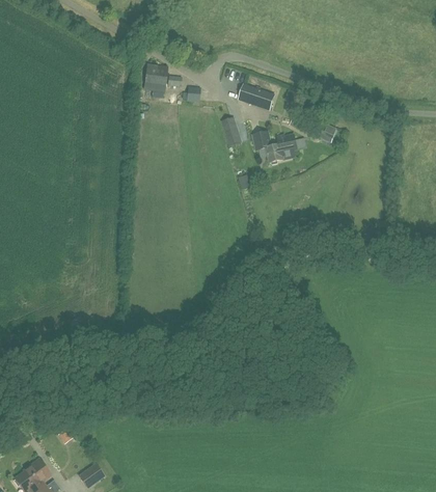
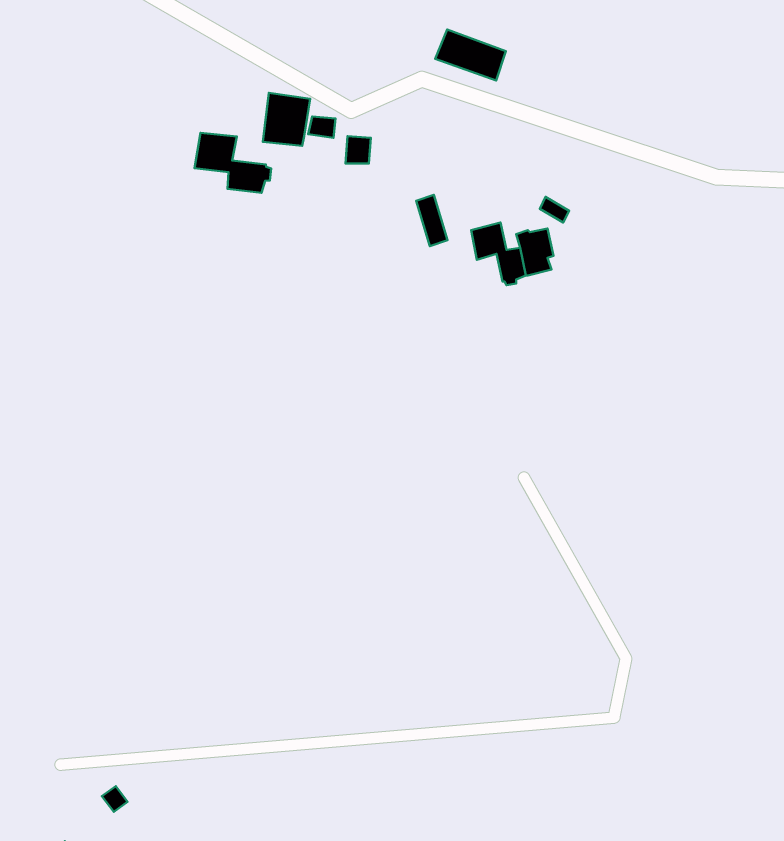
building: [238,83,275,110] -> [435,29,506,80]
building: none -> [194,133,271,193]

